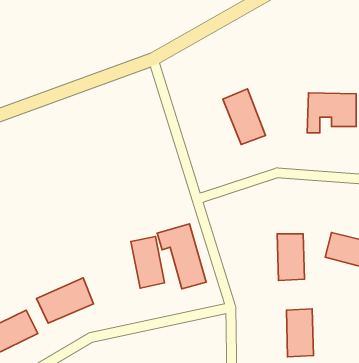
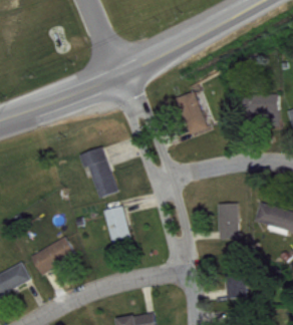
building: [157,224,206,289] -> [78,147,116,198]

